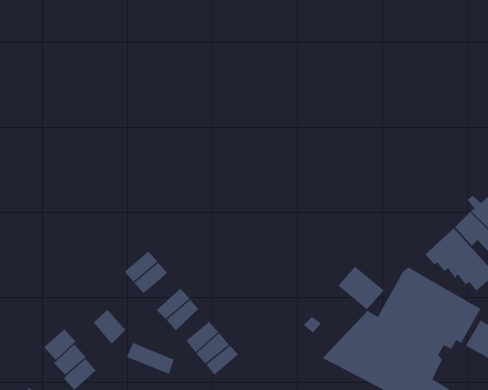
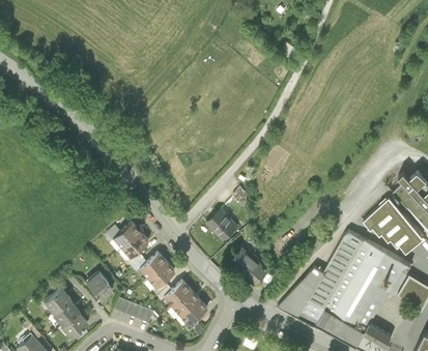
building: none -> [205,206,237,239]
building: [338,266,385,310] -> [227,246,266,284]

